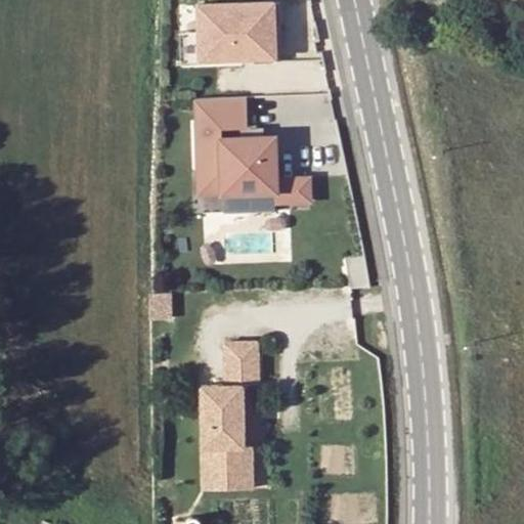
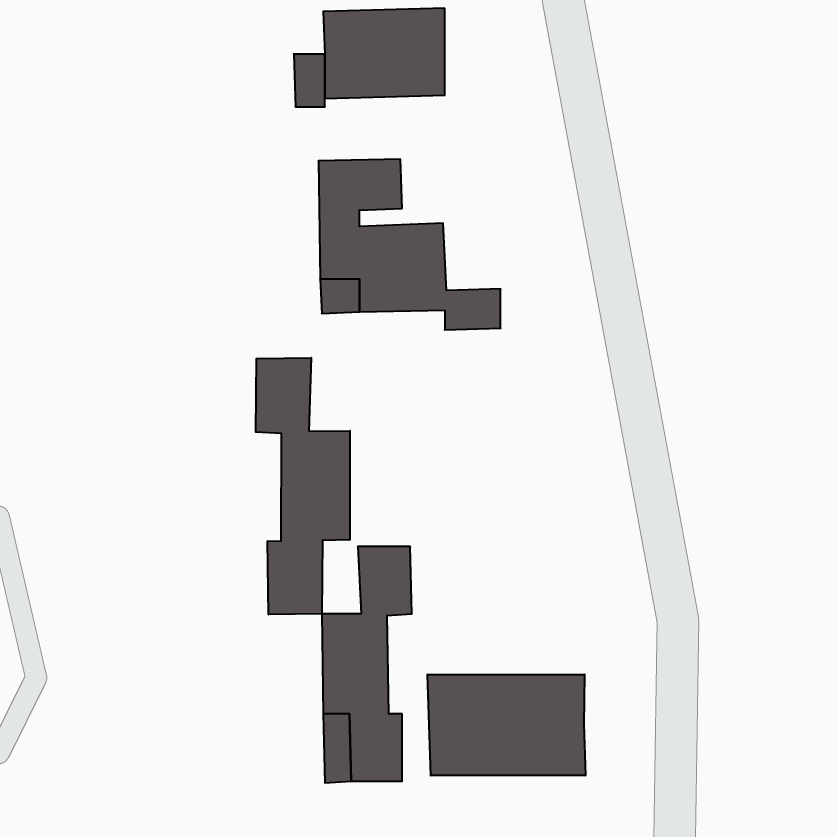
building: none -> [256,358,350,615]
building: none -> [428,674,585,776]

